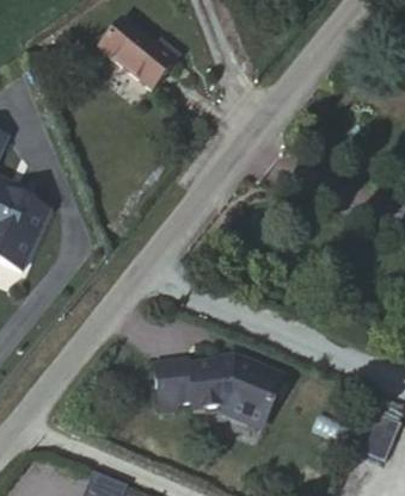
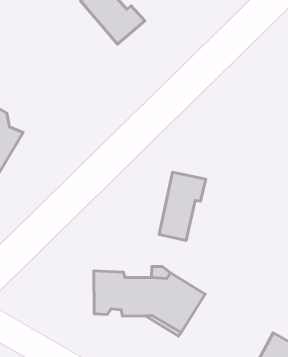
building: none -> [159,172,206,241]

